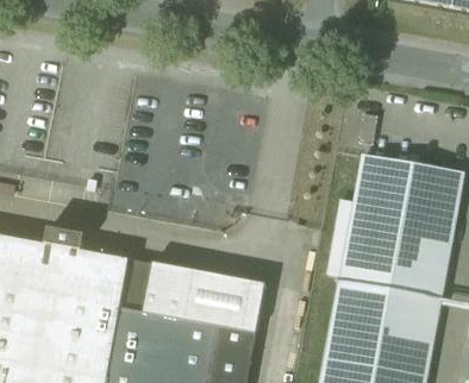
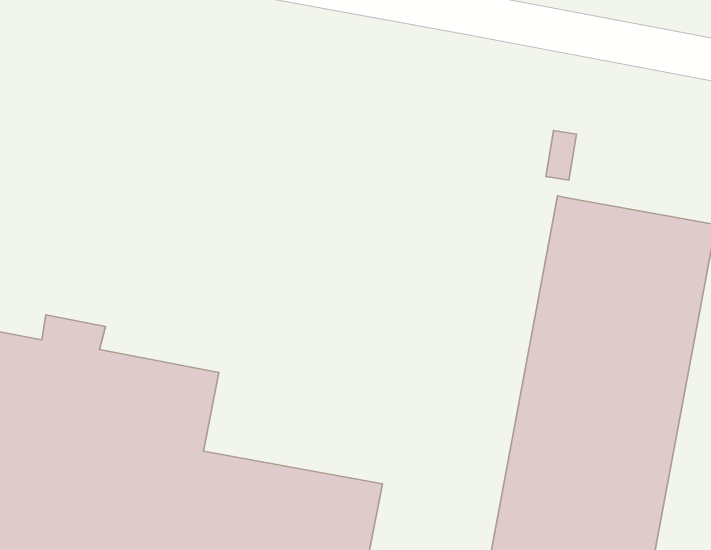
building: [145,264,264,333] -> none

